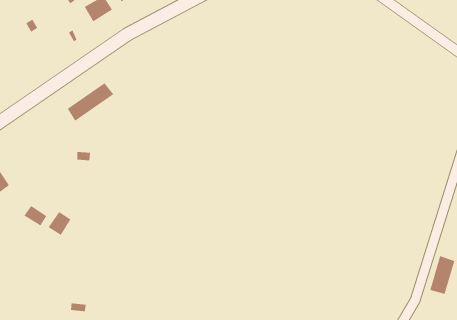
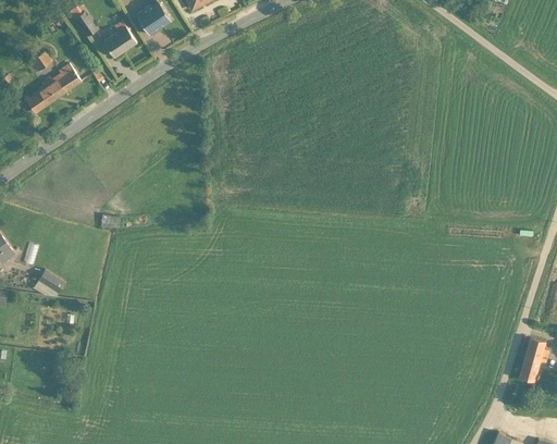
building: [67,82,114,122] -> [26,67,83,114]
building: [48,211,71,236] -> none

